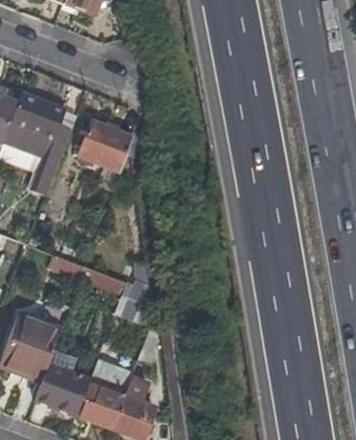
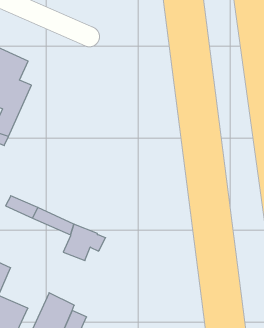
building: [77,117,134,170] -> none

